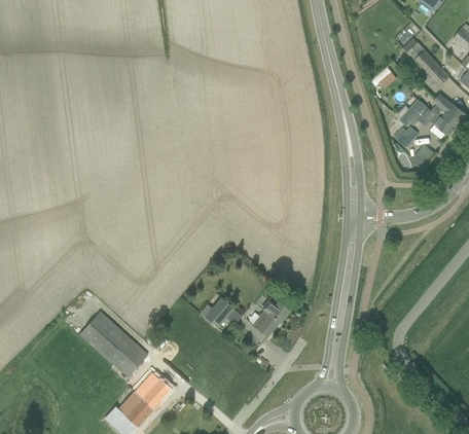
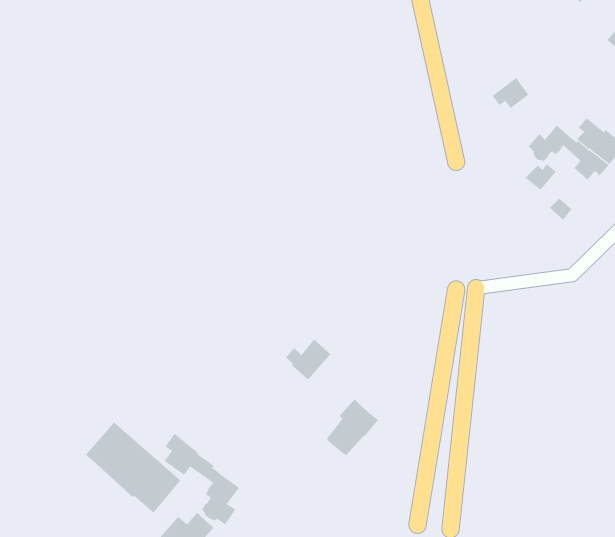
building: [403,38,448,85] -> none
building: [201,297,233,327] -> [285,338,331,380]
building: none -> [164,433,240,525]

